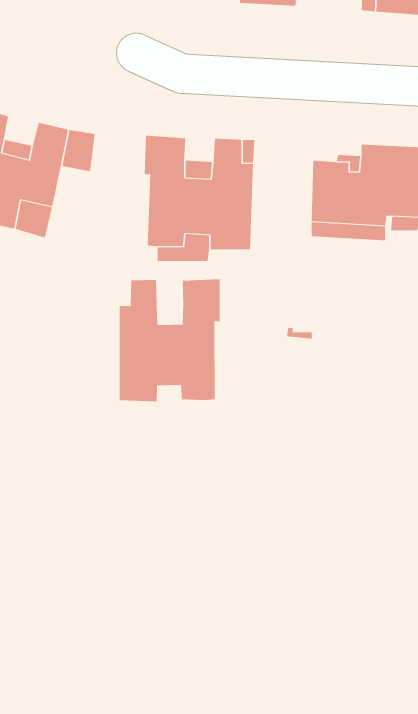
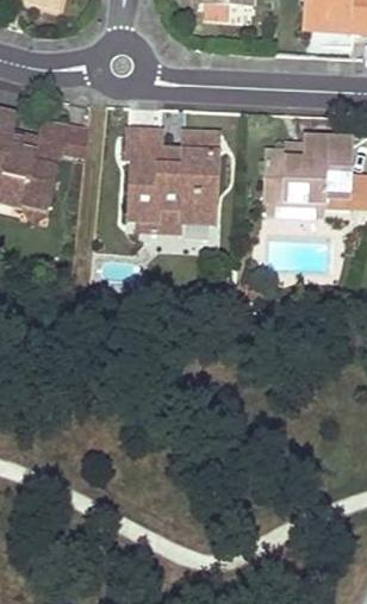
building: [119,278,220,402] -> none

